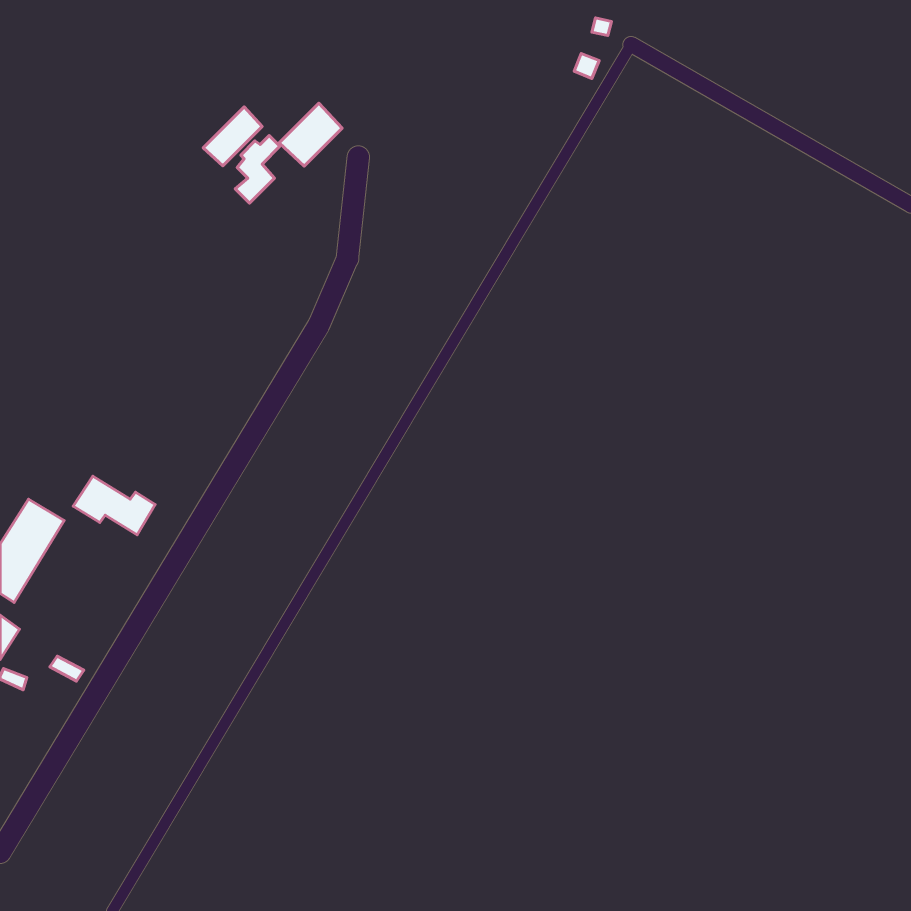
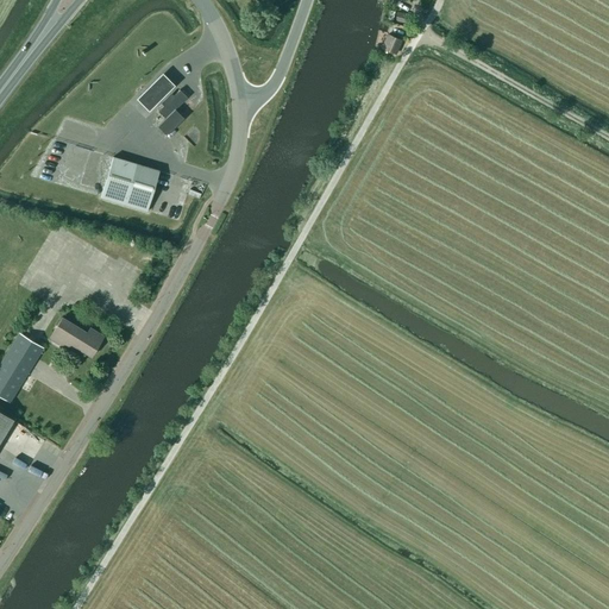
building: [279,103,342,166] -> none
building: none -> [100,157,158,212]

